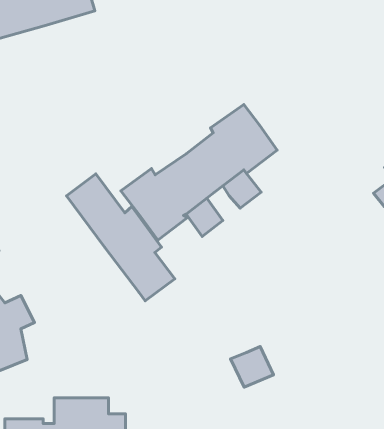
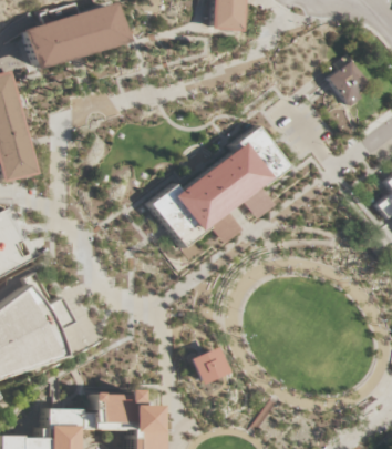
building: none -> [329,59,376,108]
building: [66,174,175,301] -> none
building: [230,346,274,387] -> [189,347,228,384]

